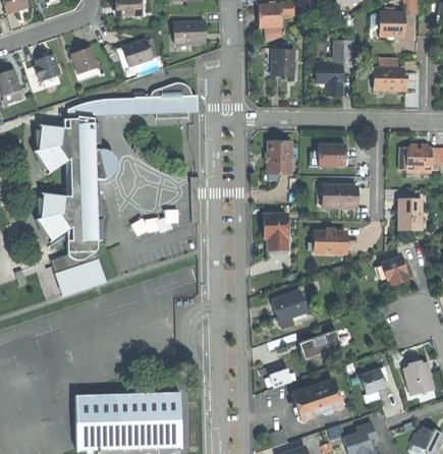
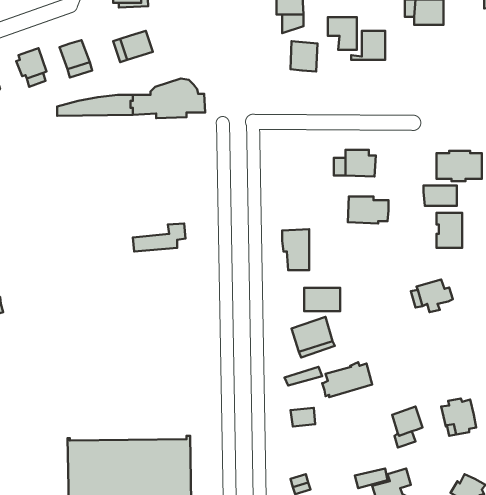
building: [172,21,204,45] -> none
building: [316,65,341,94] -> [328,17,357,50]
building: [373,68,405,90] -> none
building: [37,117,117,294] -> none
building: [268,141,290,173] -> none
building: none -> [424,185,457,206]
building: [315,232,346,252] -> [304,288,340,311]
building: [292,380,342,419] -> none

